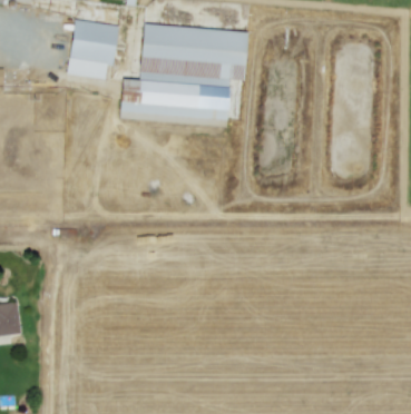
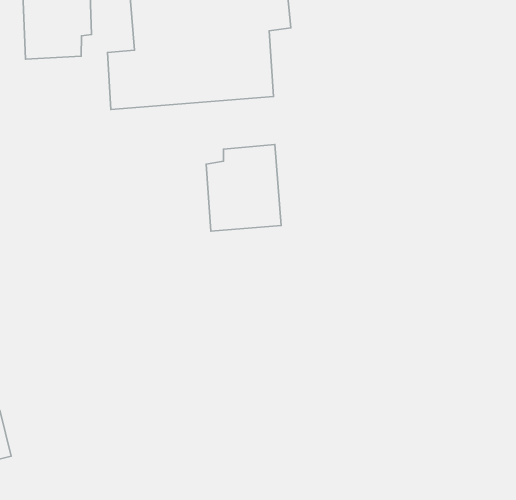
building: none -> [206,144,281,231]

